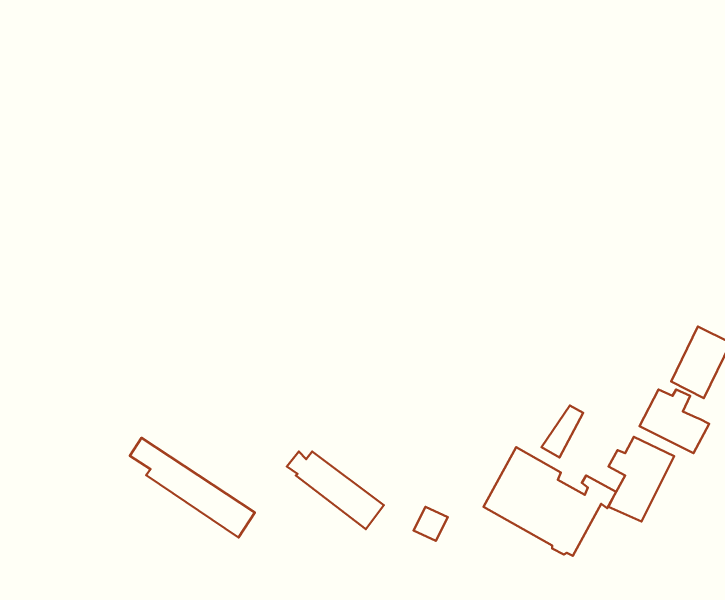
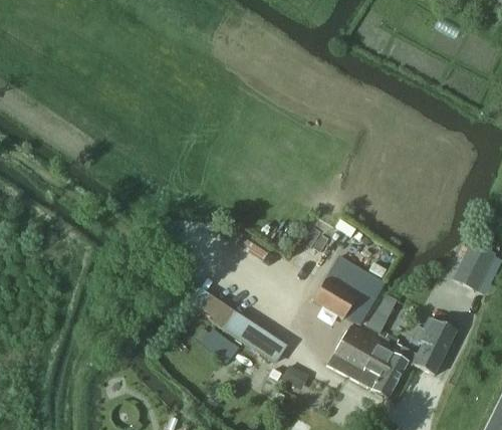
building: none -> [312,265,378,324]
building: [639,389,709,453] -> none
building: [130,438,255,538] -> [203,294,287,362]

